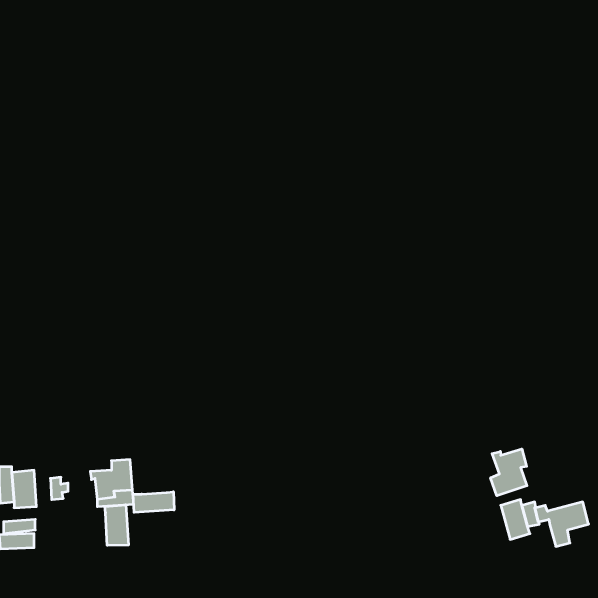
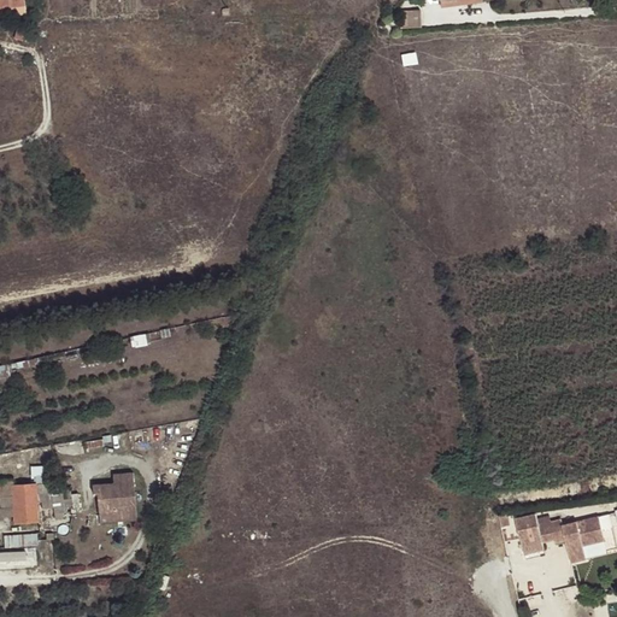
building: [491,449,527,496] -> none
building: [133,492,174,512] -> none
building: [105,505,128,545] -> none

